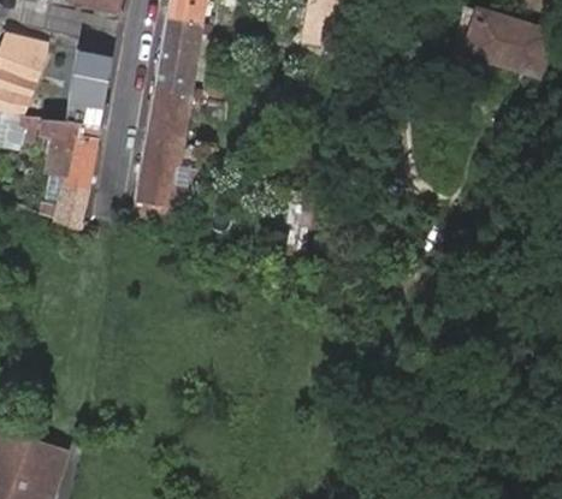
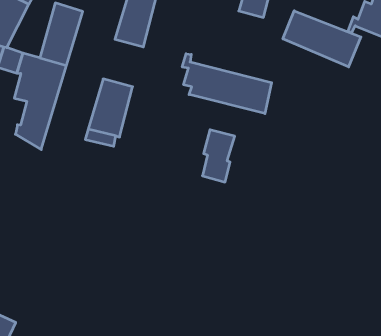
building: none -> [283,11,361,67]
building: [146,89,191,145] -> none
building: none -> [182,54,272,114]

